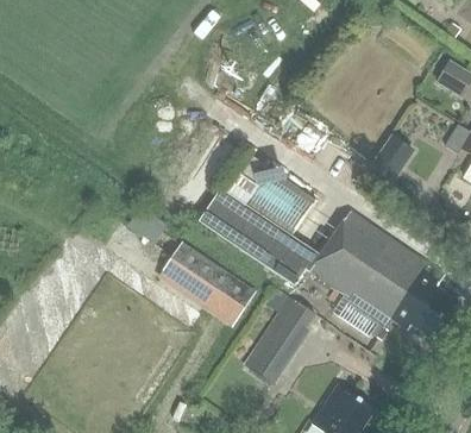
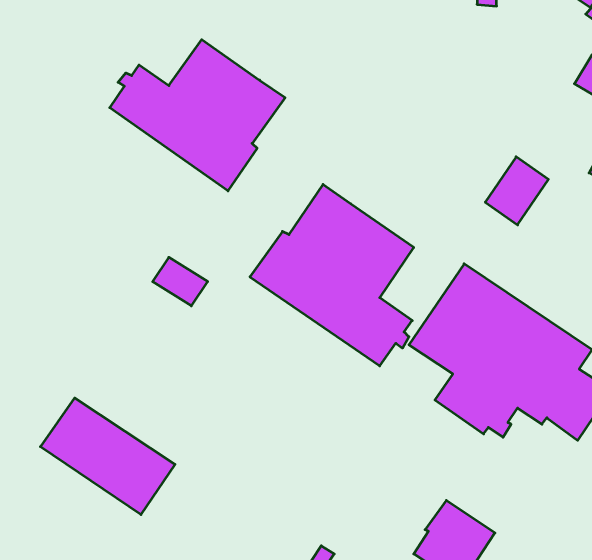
building: none -> [110,40,285,191]
building: [157,240,256,326] -> [40,398,175,515]
building: [243,297,313,382] -> none

